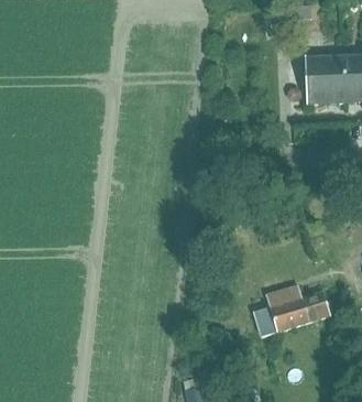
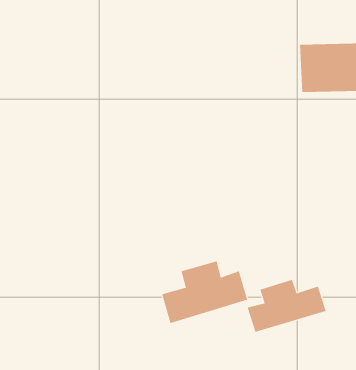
building: none -> [162,260,248,324]

